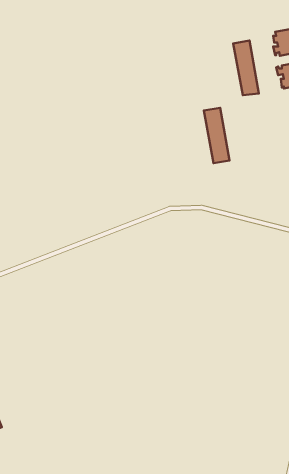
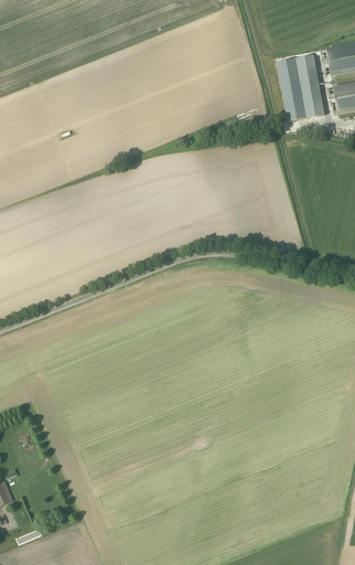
building: [204,108,230,163] -> [295,54,325,118]

